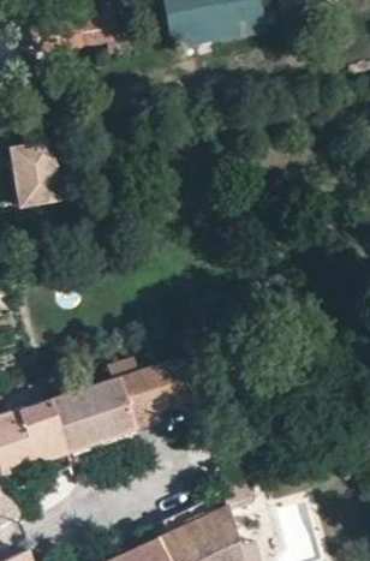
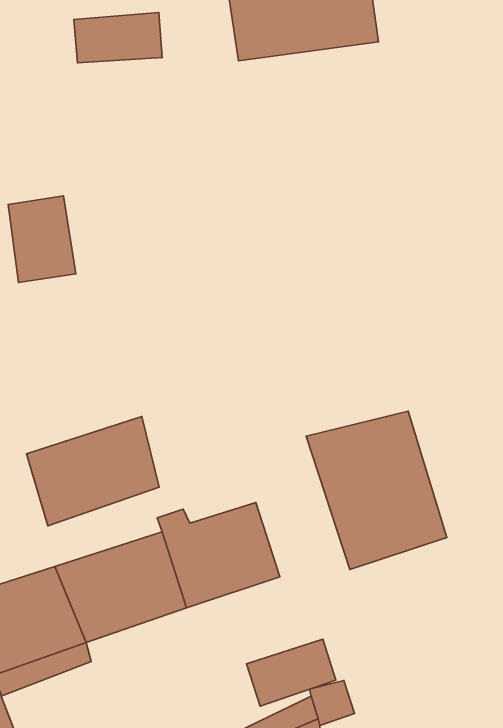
building: none -> [306,411,447,570]
building: none -> [26,417,159,526]
building: none -> [246,639,336,706]

